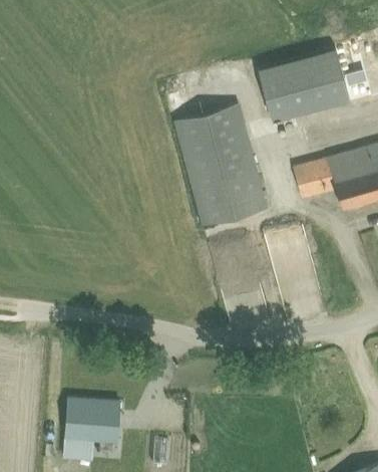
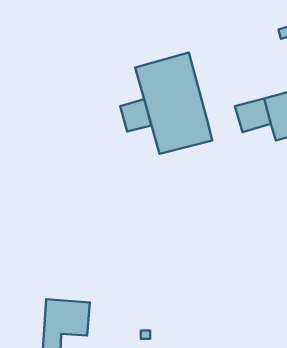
building: [258,48,349,122] -> none
building: none -> [120,99,151,131]

